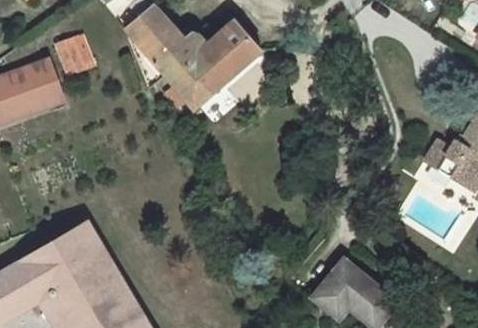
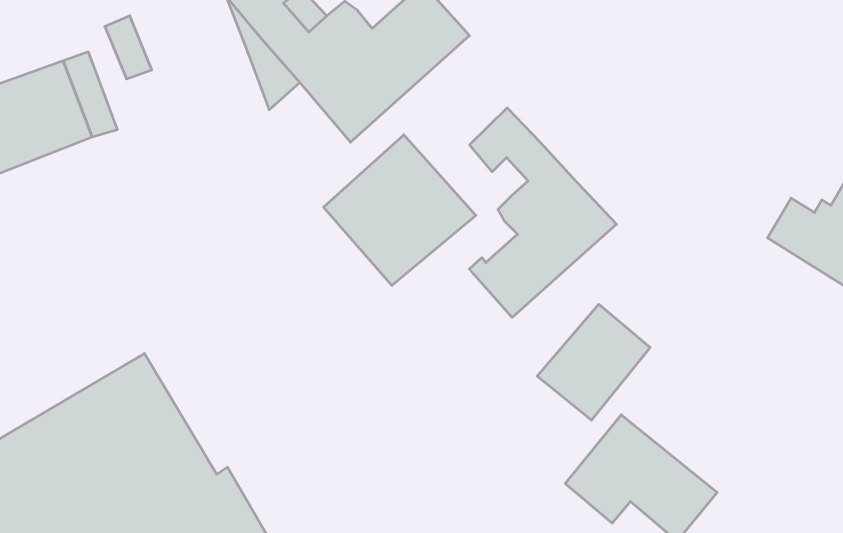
building: none -> [469,108,617,317]
building: none -> [324,135,476,286]
building: none -> [537,304,650,420]

